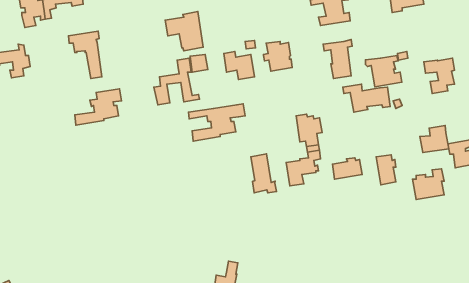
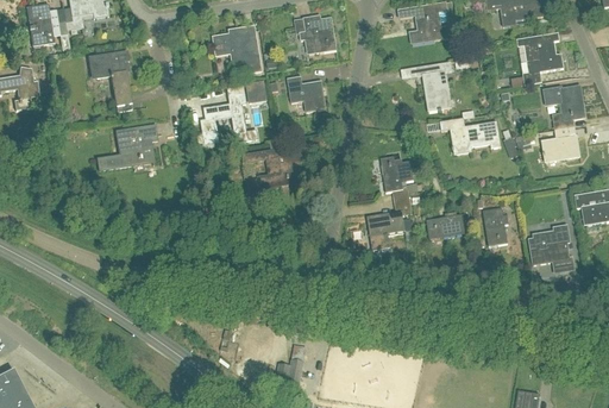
building: [263,41,292,71] -> [299,15,335,54]
building: [366,55,402,87] -> [516,32,563,73]
building: [420,125,449,152] -> [541,126,578,161]
building: [251,154,277,193] -> none

